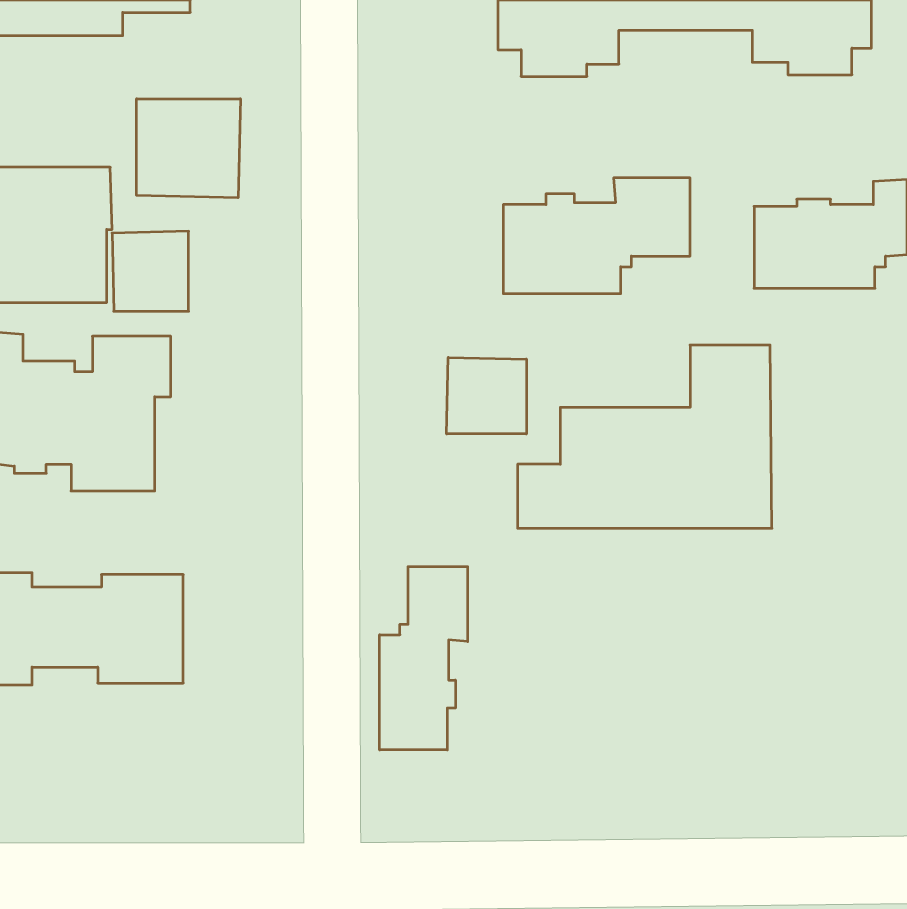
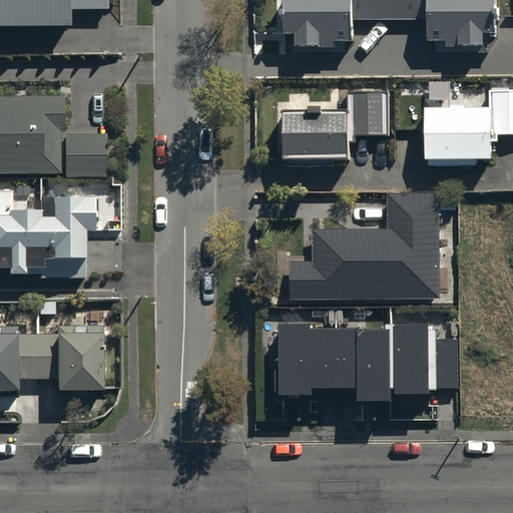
building: [137,99,240,198] -> none
building: [447,357,526,434] -> none
building: [380,567,468,750] -> none
building: none -> [279,326,455,402]

